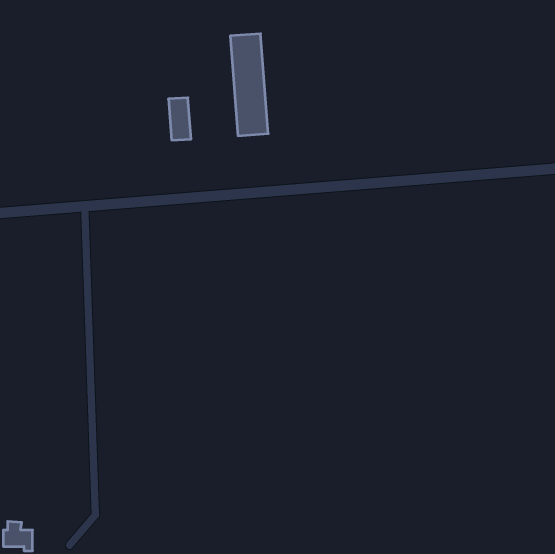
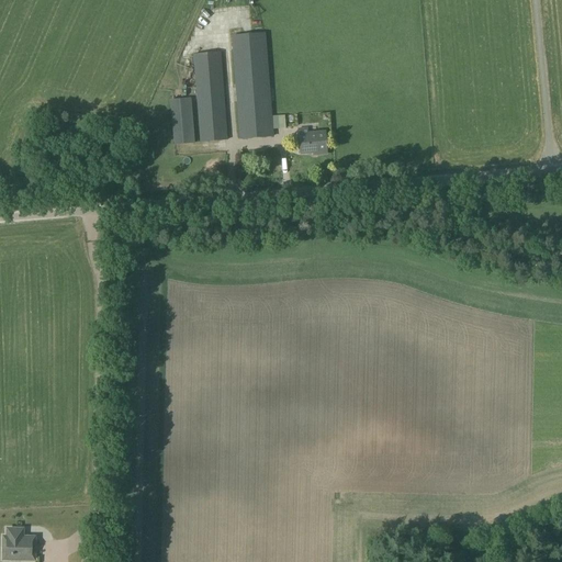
building: none -> [194,52,227,139]
building: none -> [299,126,326,154]

